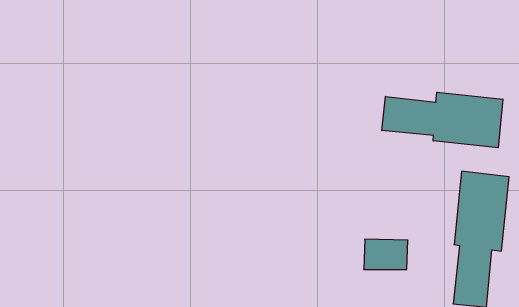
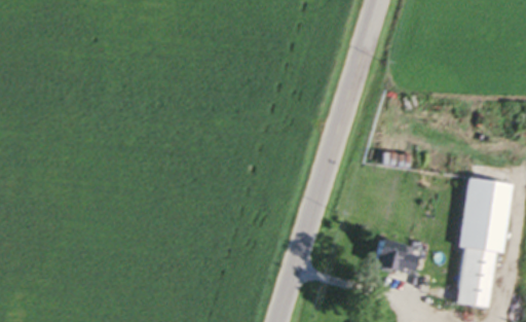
building: [382,92,503,148] -> none

